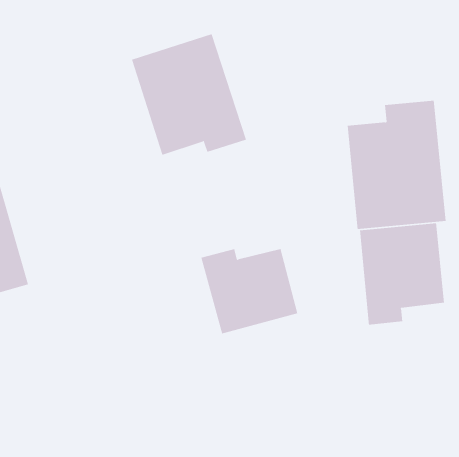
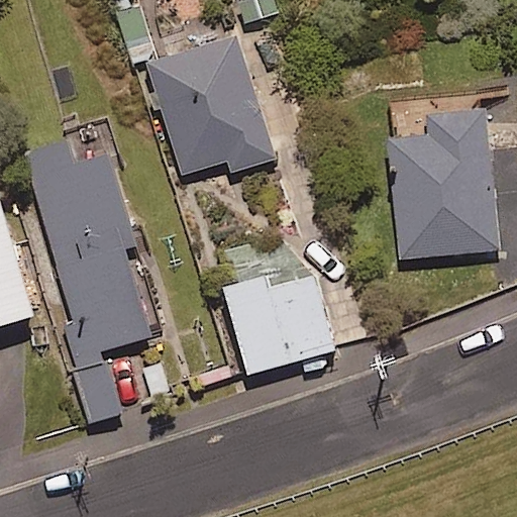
building: none -> [23,130,149,421]
building: [359,222,445,325] -> none

